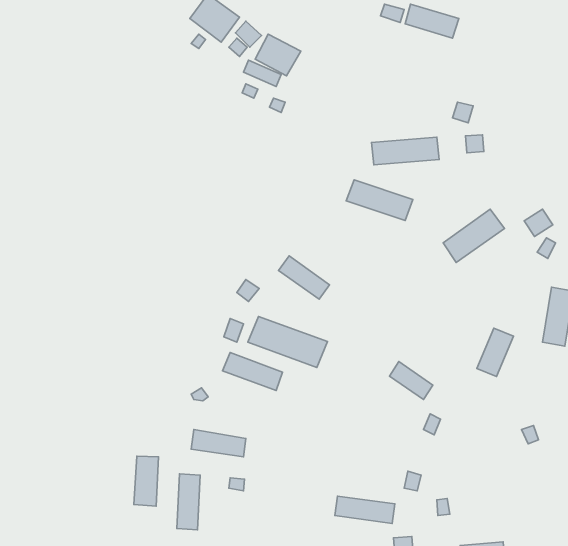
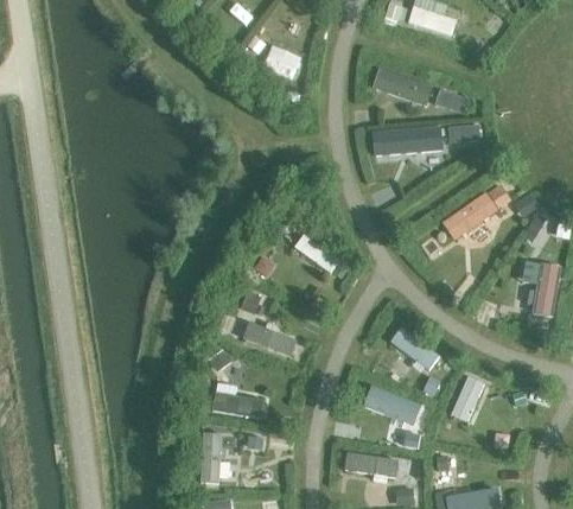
building: [346,180,413,220] -> [371,68,432,104]
building: [248,316,327,367] -> none
building: [477,328,513,376] -> [451,376,484,420]
building: none -> [362,384,420,426]
building: [134,456,158,506] -> none

